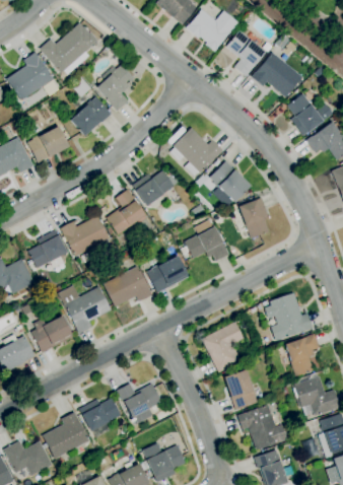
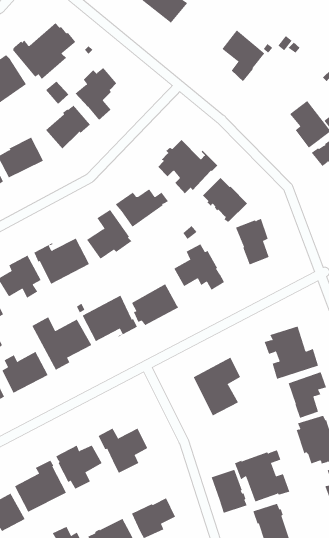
building: [185,9,238,52] -> none
building: [252,53,302,97] -> none
building: [224,369,257,409] -> [211,469,247,514]

